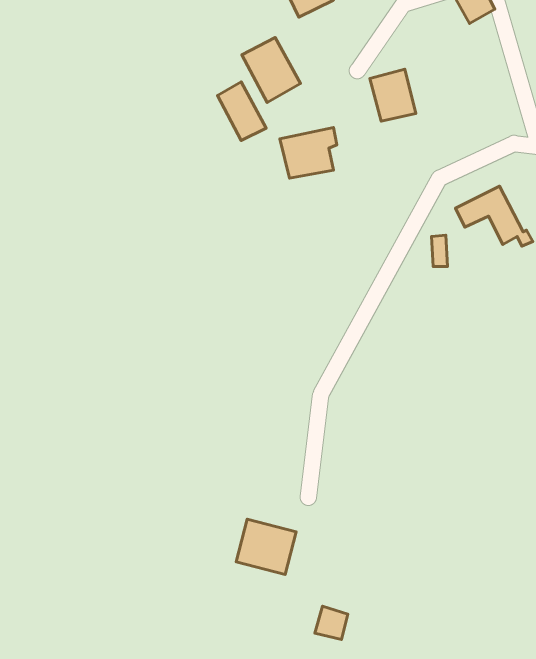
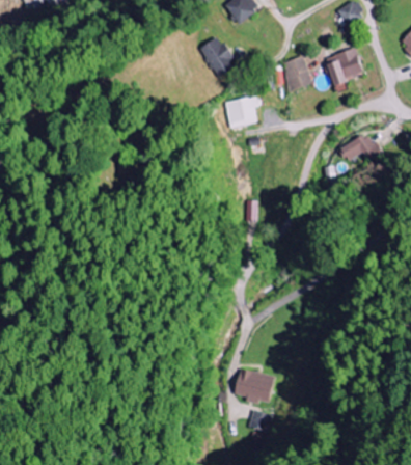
building: none -> [326,48,365,92]
building: [217,82,266,141] -> none
building: [236,519,296,574] -> [232,367,272,404]

